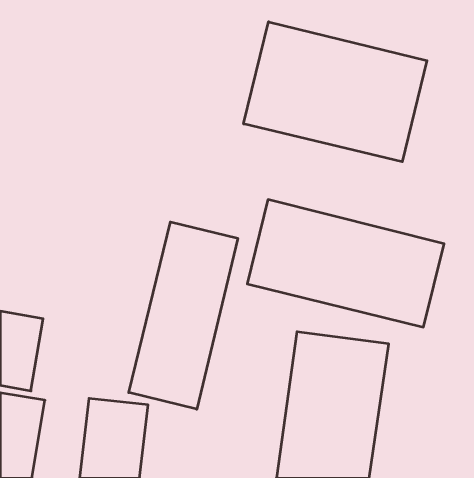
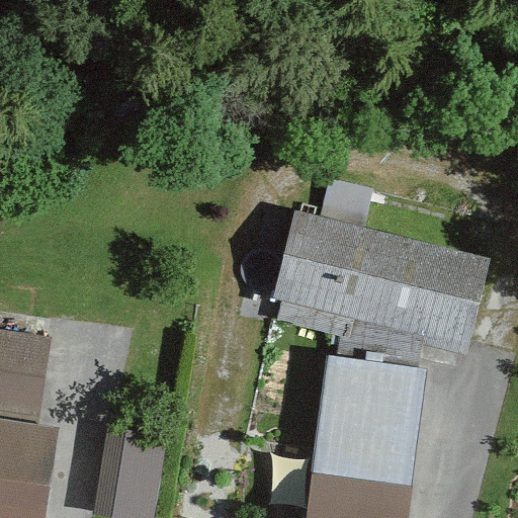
building: [244,22,427,162] -> none
building: [129,222,238,409] -> none

